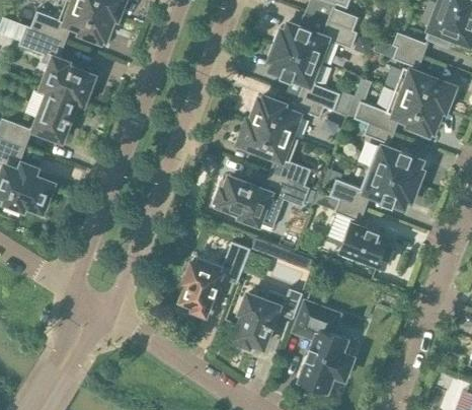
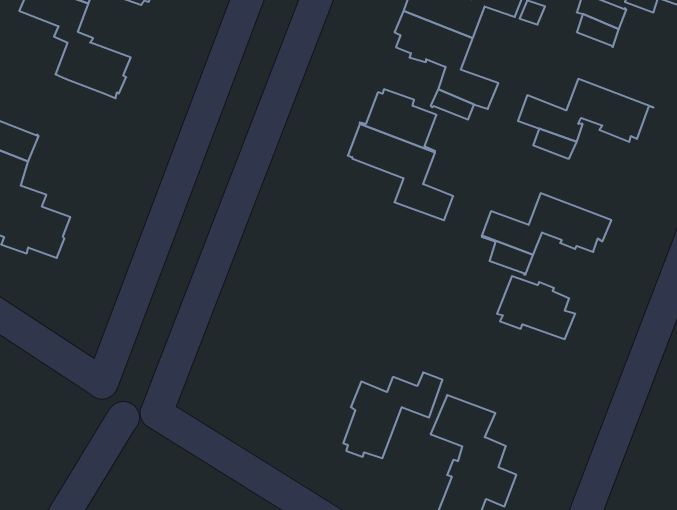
building: [394,67,454,110] -> none
building: [34,90,76,140] -> none
building: [369,145,421,186] -> none
building: [217,174,309,228] -> none
building: [180,242,250,315] -> none

